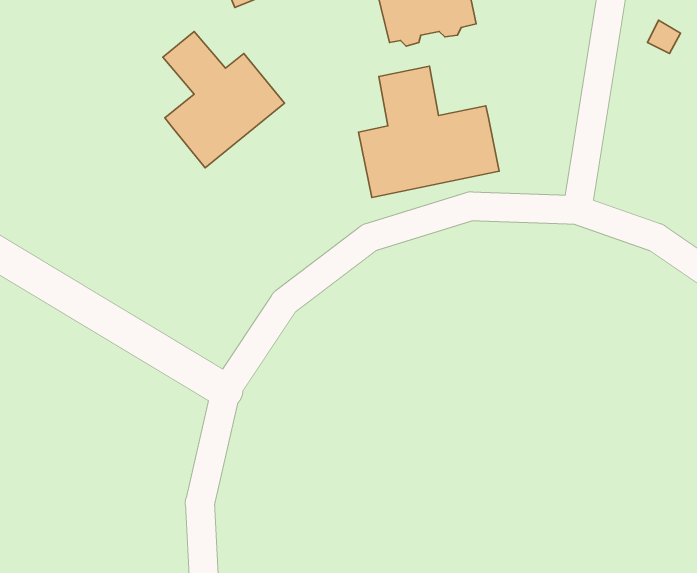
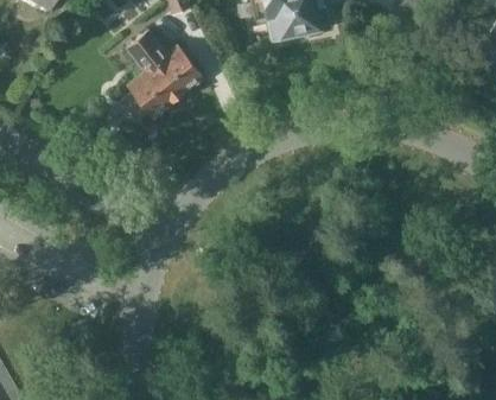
building: [358,66,499,197] -> none

